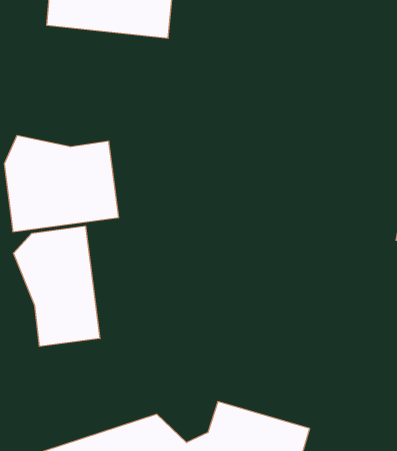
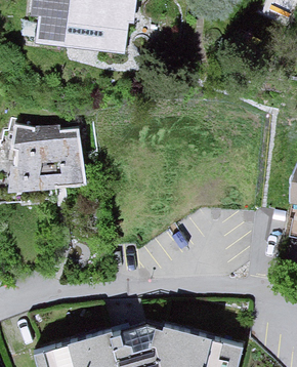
building: [13,226,100,346] -> none

